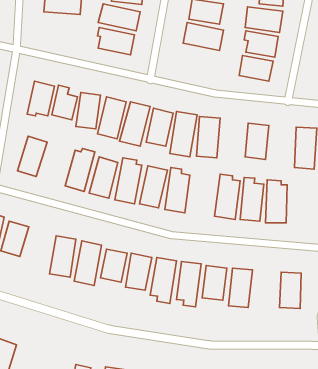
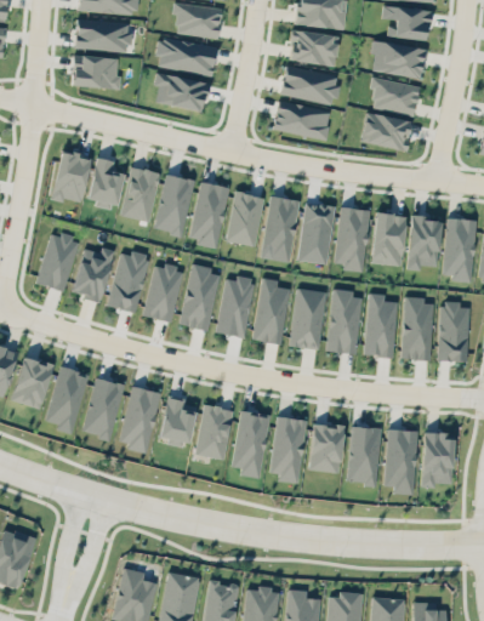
building: none -> [73,56,121,87]
building: none -> [273,99,331,139]
building: none -> [332,206,372,270]
building: none -> [409,217,440,269]
building: none -> [72,246,115,301]
building: none -> [291,289,326,349]
building: none -> [439,303,469,361]
building: none -> [44,365,90,431]
building: none -> [385,429,417,494]

